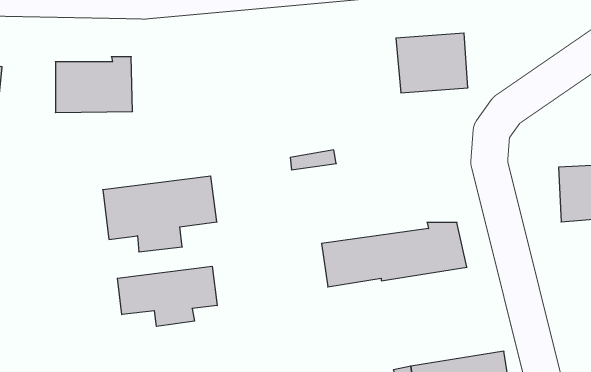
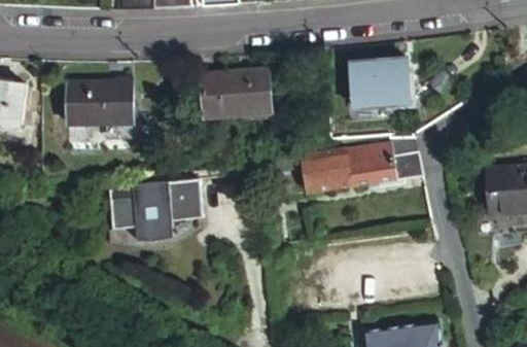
building: none -> [201,68,271,117]
building: [322,222,467,287] -> [302,137,422,190]
building: [117,266,217,326] -> none

